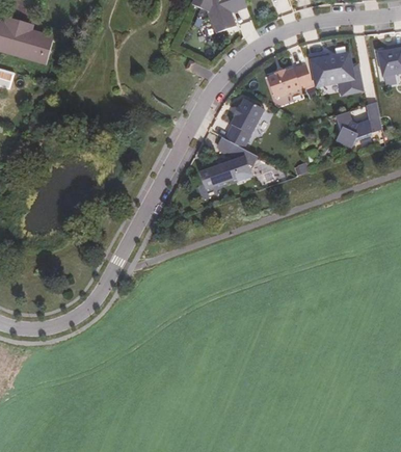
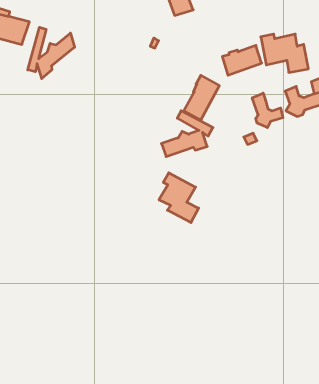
building: none -> [28,27,75,79]
building: none -> [252,93,283,128]
building: none -> [159,173,199,223]

